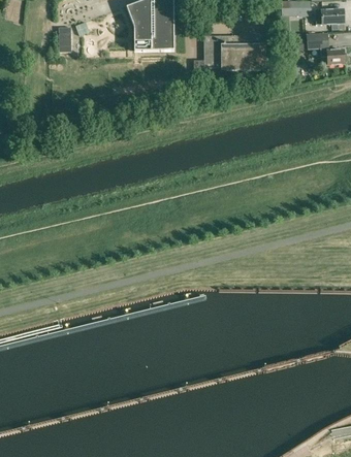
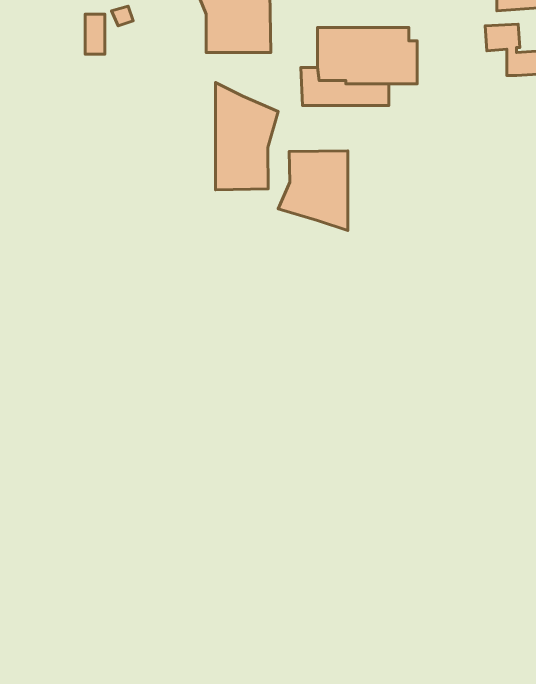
building: none -> [216,83,278,190]
building: none -> [278,151,348,231]

